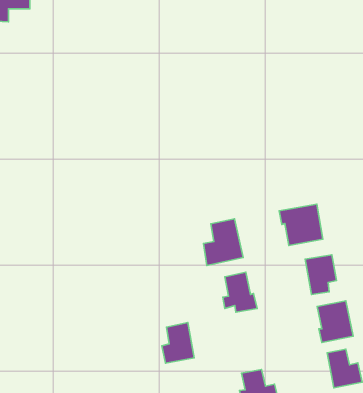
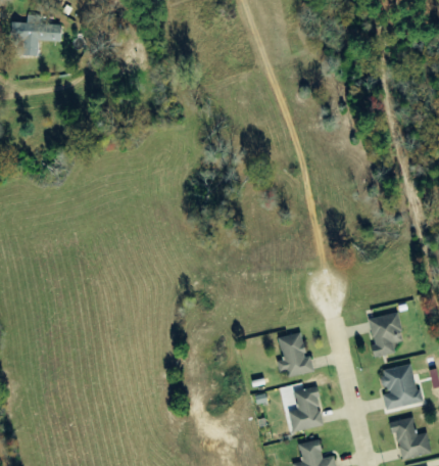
building: [279,204,323,246] -> none
building: [203,219,243,265] -> none
building: [162,323,194,363] -> [288,386,324,431]

